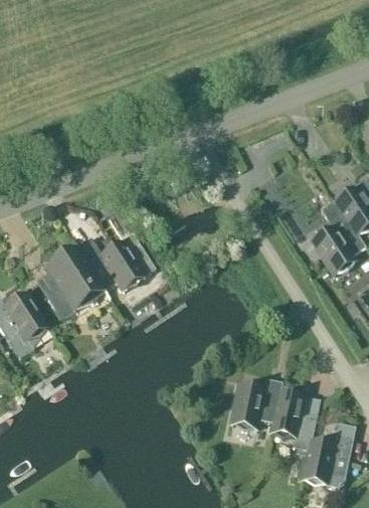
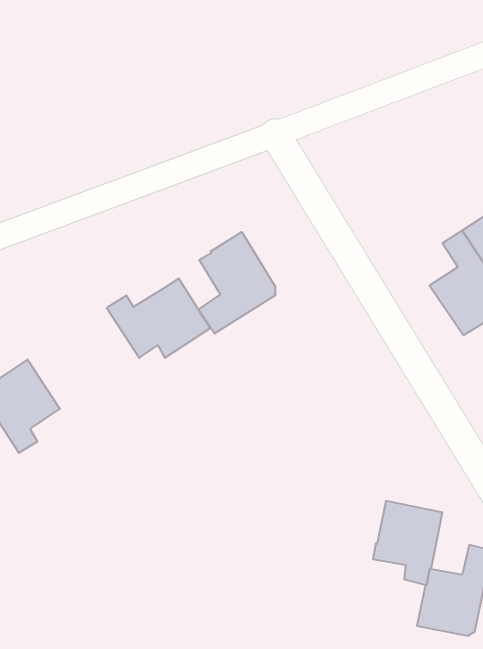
building: none -> [198,232,275,334]
building: [34,244,104,318] -> none
building: [230,378,282,430] -> none

